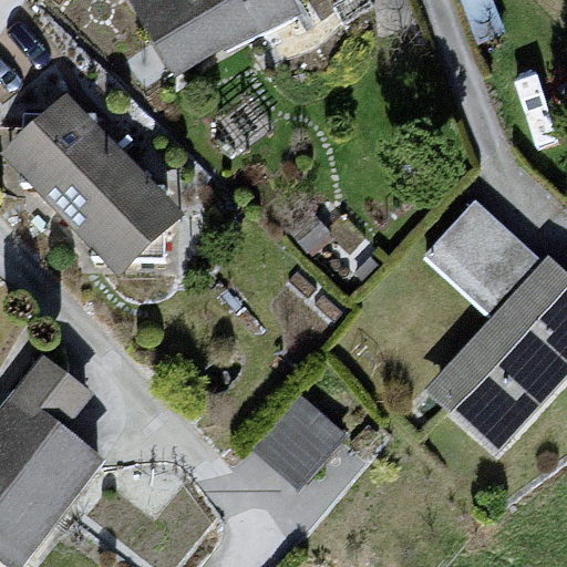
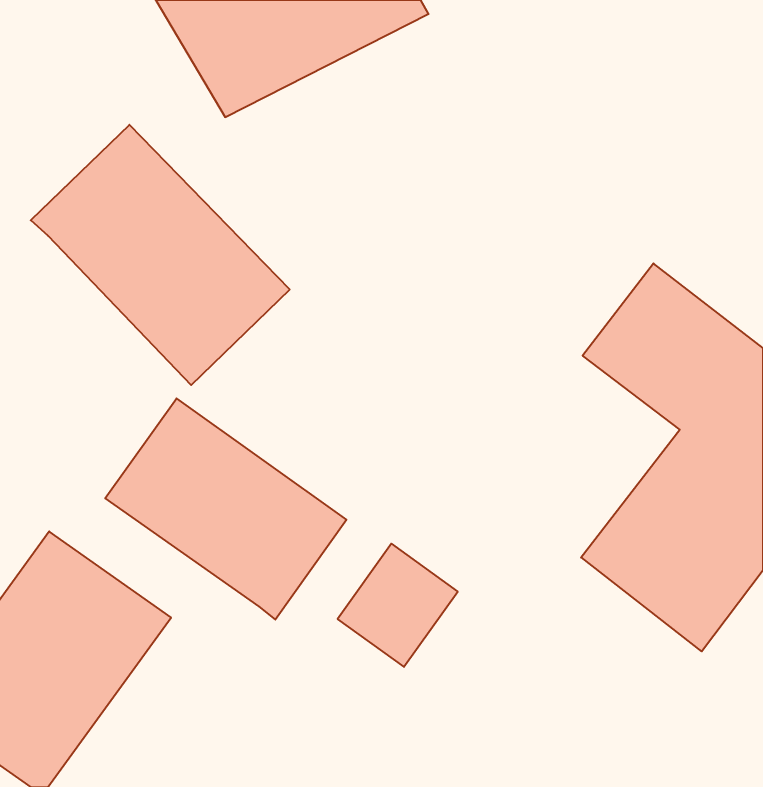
building: none -> [105,398,346,620]

